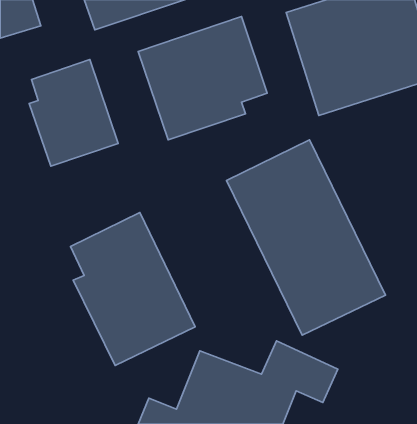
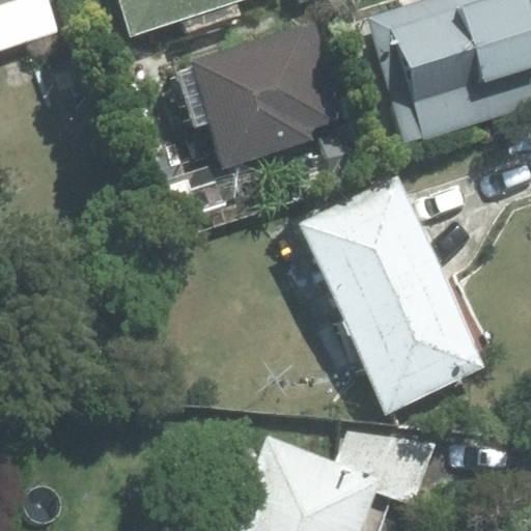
building: [29,60,118,166] -> none
building: [70,213,195,366] -> none

